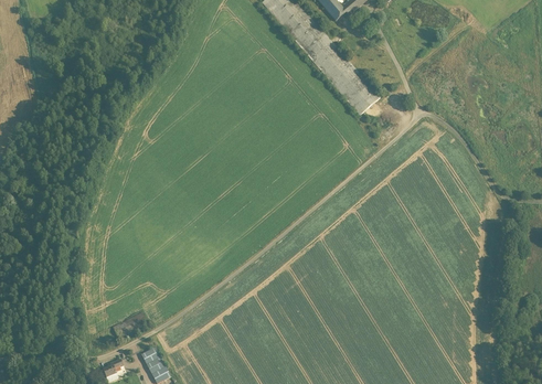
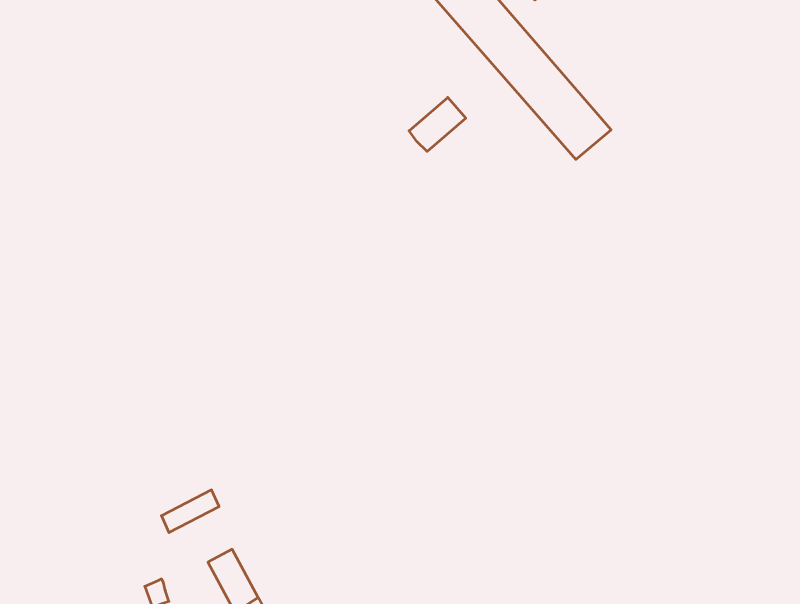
building: none -> [409,97,466,151]

